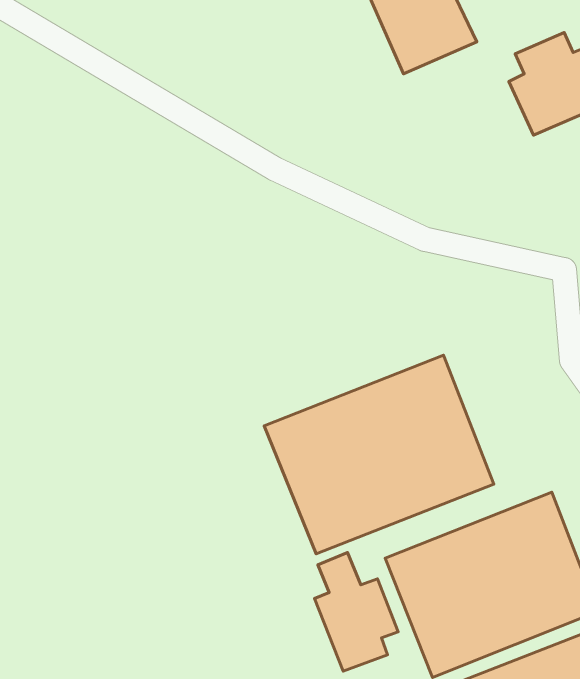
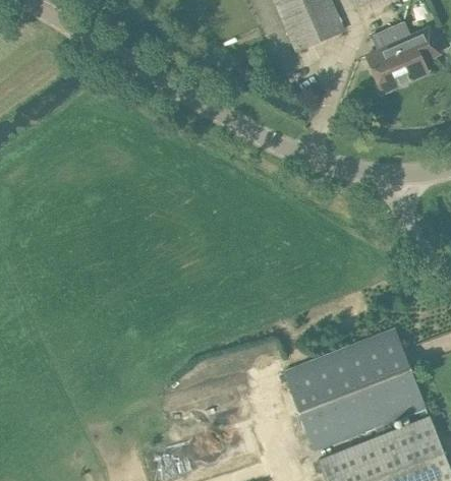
building: [264,355,494,554] -> none
building: [315,553,398,671] -> none

